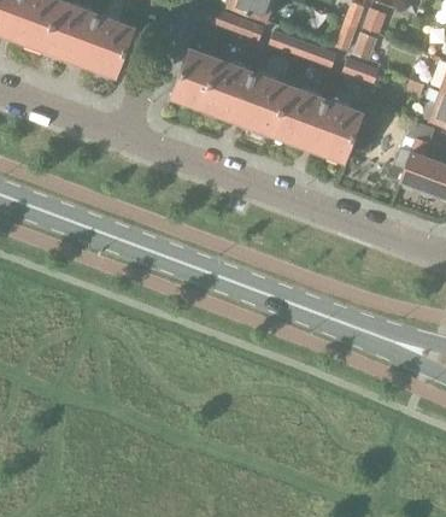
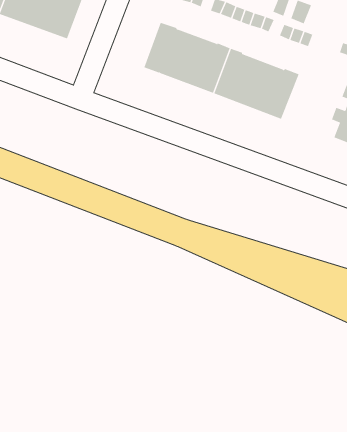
building: [170,48,215,106] -> none

